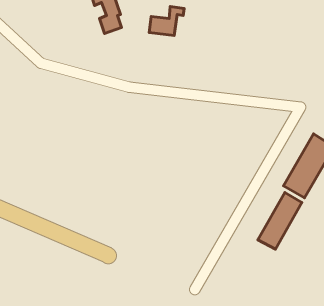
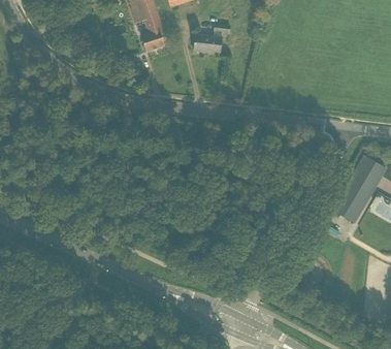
building: [258,193,302,249] -> none

